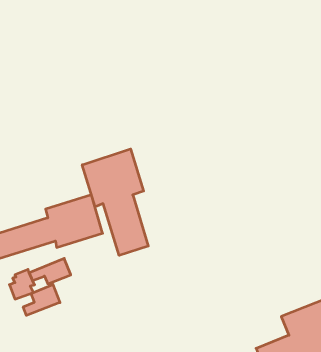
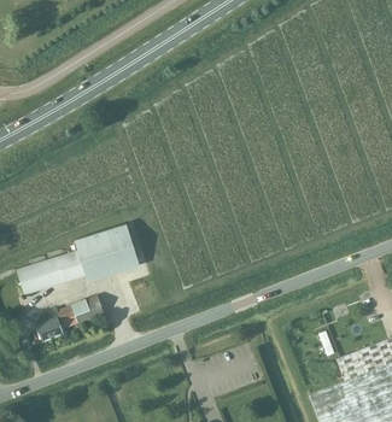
building: [82,149,148,255] -> none
building: [23,284,60,315] -> none

